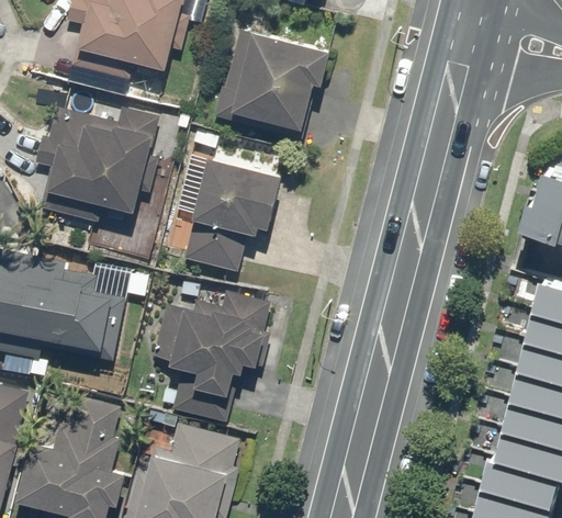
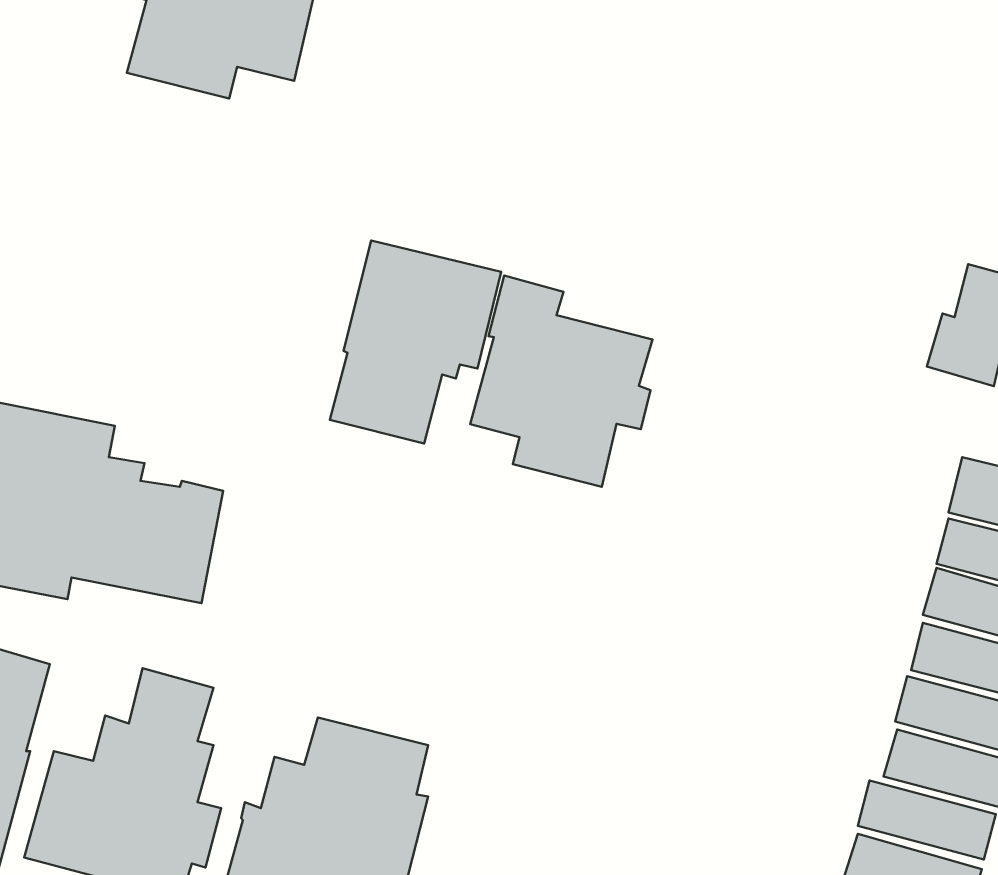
building: [214,30,328,138] -> none
building: [36,108,160,221] -> none
building: none -> [470,276,653,487]
building: [153,291,270,421] -> none

